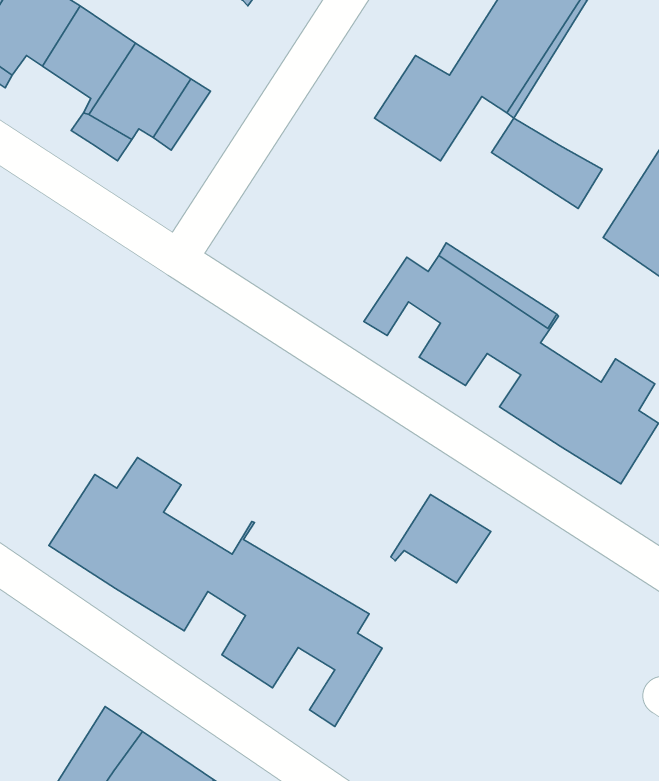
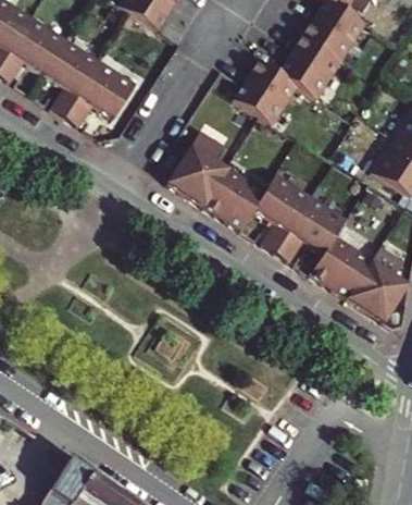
building: [491,118,602,208] -> none
building: none -> [167,132,253,223]
building: [49,457,382,726] -> none
building: [391,494,491,583] -> none

